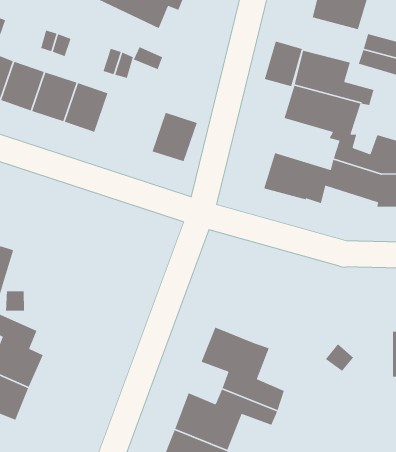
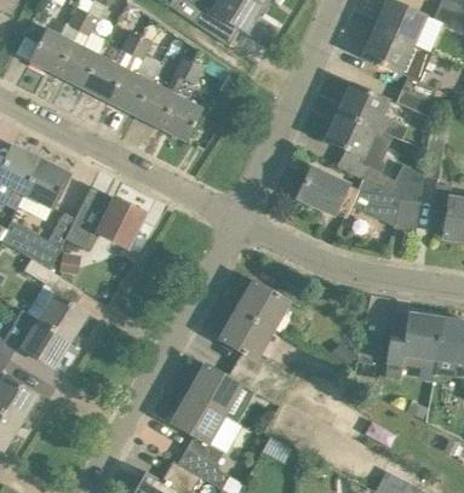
building: [264,40,303,87] -> none
building: [152,112,198,162] -> [159,94,202,141]
building: none -> [64,187,143,251]
building: none -> [237,280,305,329]

